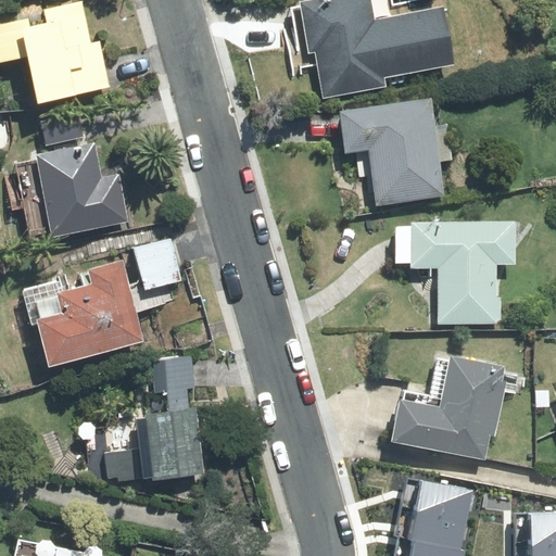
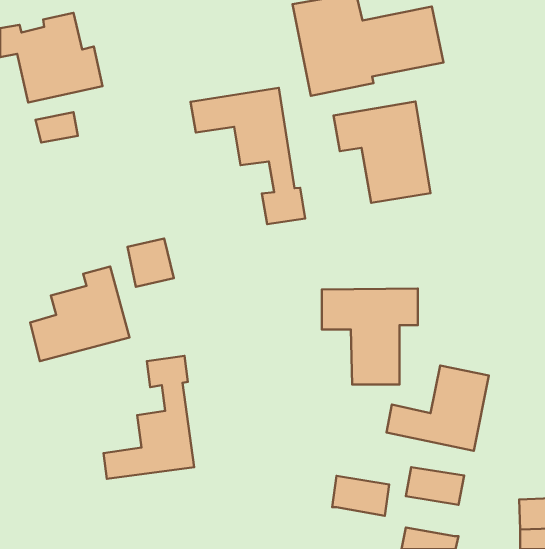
building: none -> [191,88,305,224]
building: [40,152,125,236] -> none
building: [414,225,510,321] -> [322,288,418,384]
building: [410,500,468,540] -> [332,476,389,516]

